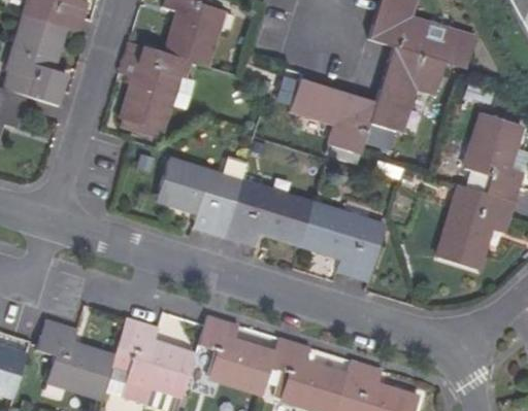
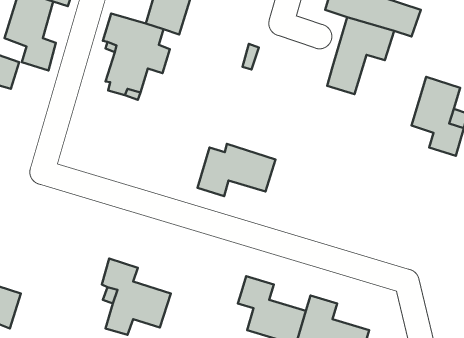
building: [290,77,376,153] -> none
building: [157,160,240,237] -> none
building: [438,184,515,269] -> none
building: [301,205,386,281] -> none
building: [198,314,274,391] -> none
building: [36,318,113,396] -> none

